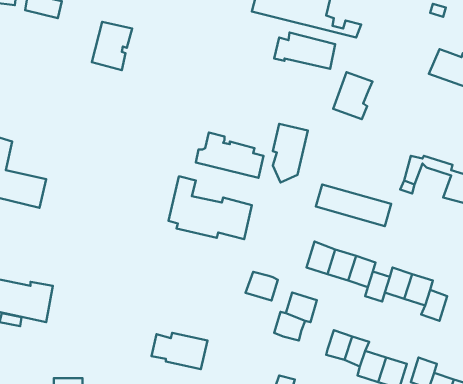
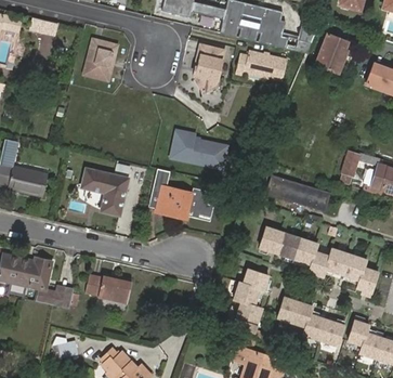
building: [333,72,372,119] -> [313,34,345,73]
building: [273,124,308,182] -> [194,45,223,94]
building: none -> [80,169,128,216]
building: [245,272,278,301] -> [236,303,263,327]
building: none -> [42,287,74,309]
building: [151,333,207,369] -> [83,272,130,302]

